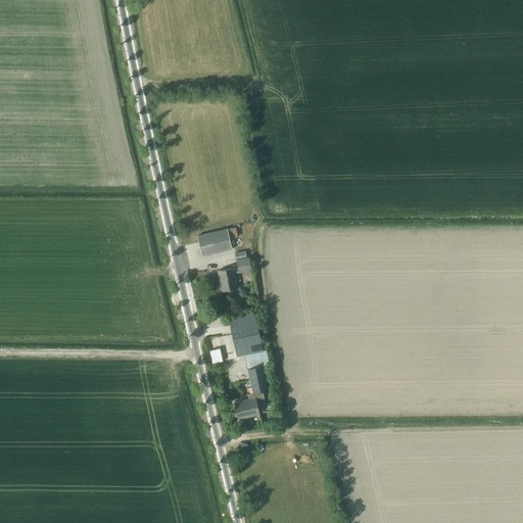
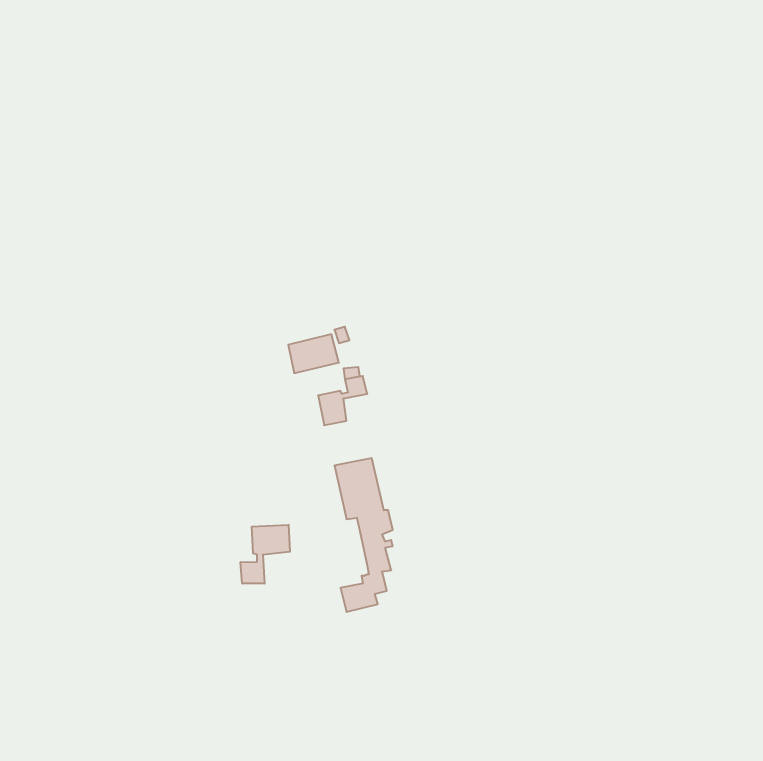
building: none -> [241,525,290,584]

